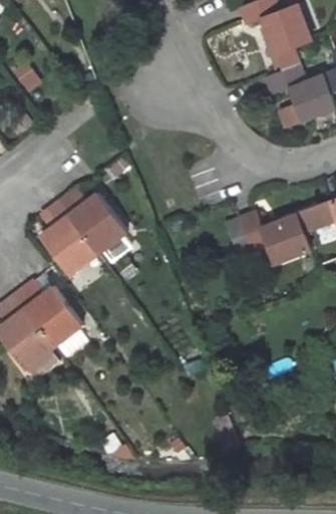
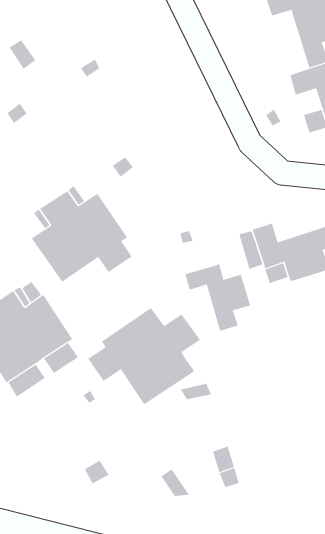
building: none -> [185,263,251,332]
building: none -> [88,307,201,405]

